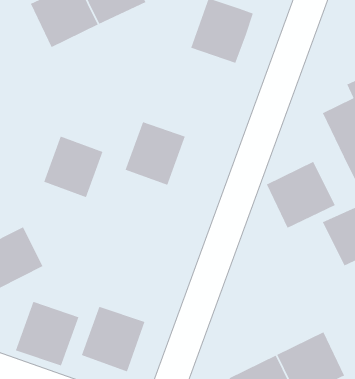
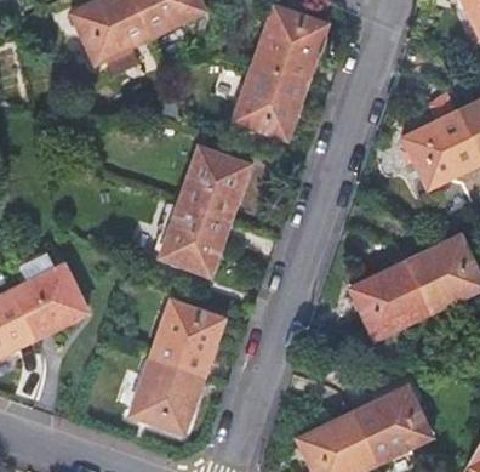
building: none -> [233,64,305,140]
building: [43,135,104,198] -> [159,204,228,275]
building: [266,161,336,229] -> [349,263,429,341]
building: [15,301,80,367] -> [149,302,223,377]

